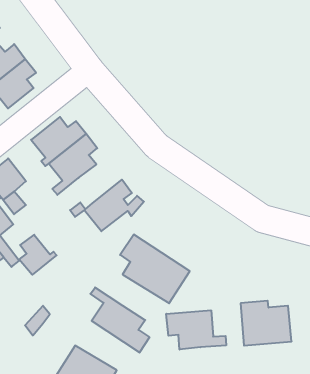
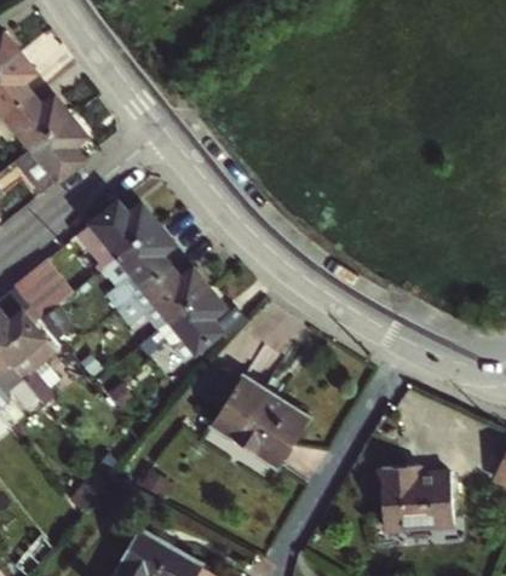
building: none -> [148,269,209,324]
building: [19,235,57,275] -> none
building: [90,287,149,353] -> none
building: [166,310,226,350] -> none

